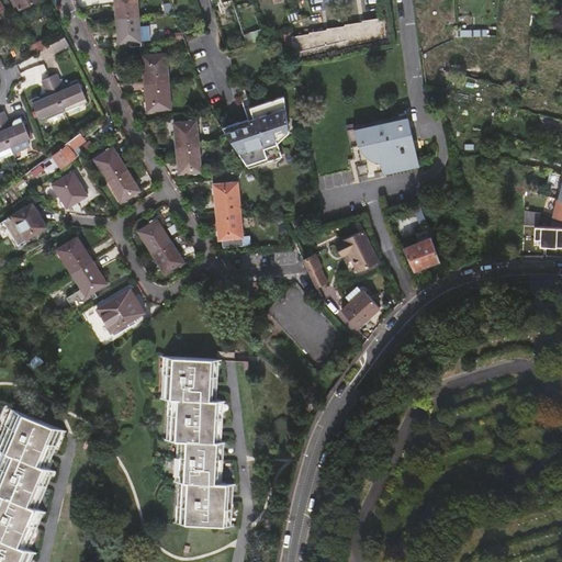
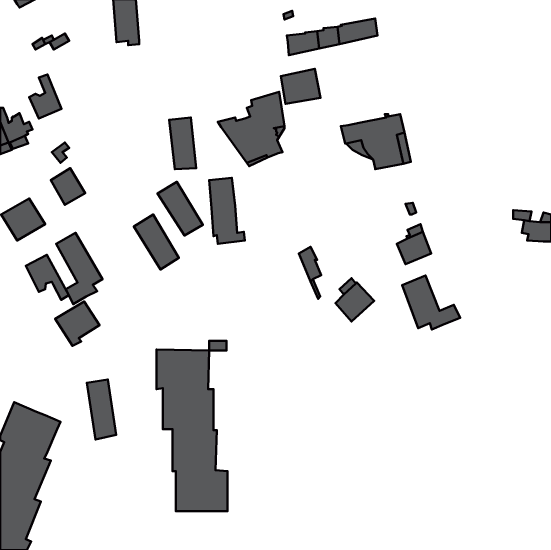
building: [142,54,171,111] -> none
building: none -> [281,69,321,104]
building: [48,72,86,111] -> none
building: [92,147,138,202] -> [158,182,203,236]
building: [338,229,378,269] -> none
building: none -> [26,255,69,300]
building: none -> [402,275,460,330]
building: [100,288,145,333] -> [55,302,99,346]
building: none -> [87,379,116,439]

